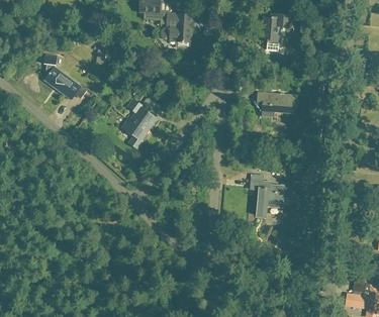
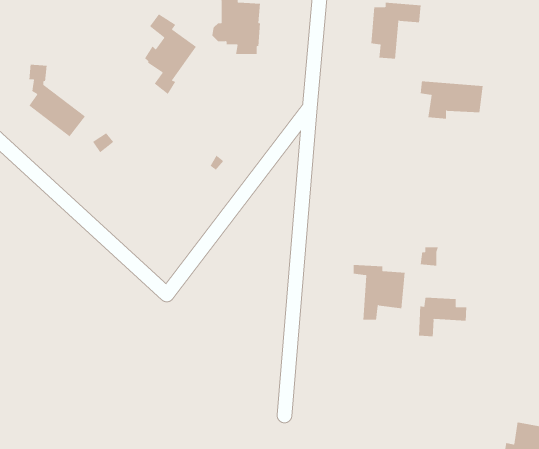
building: [256,92,296,116] -> [420,81,483,119]
building: [122,97,156,148] -> [144,14,197,95]
building: none -> [418,297,467,337]

